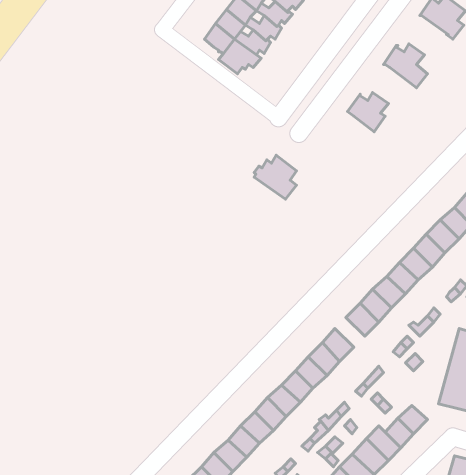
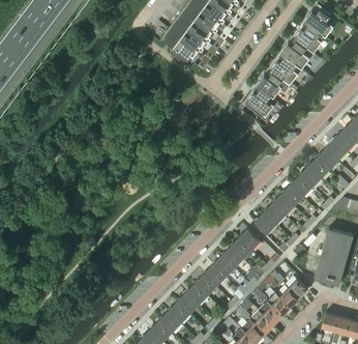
building: none -> [293,25,322,55]
building: none -> [269,57,297,86]
building: [254,155,297,199] -> [245,89,273,118]

